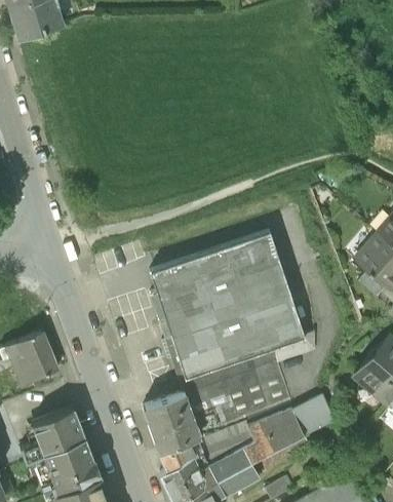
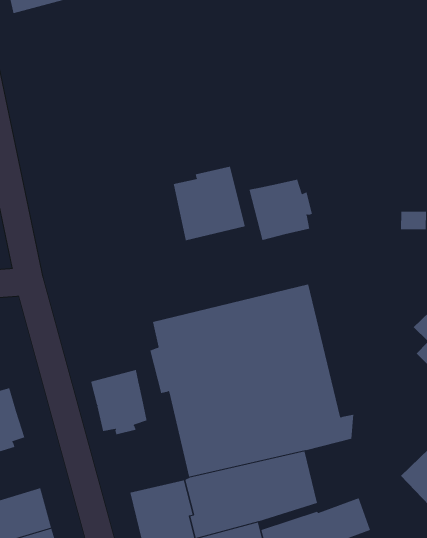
building: none -> [173,166,246,241]
building: none -> [249,179,312,241]
building: none -> [91,369,147,435]

